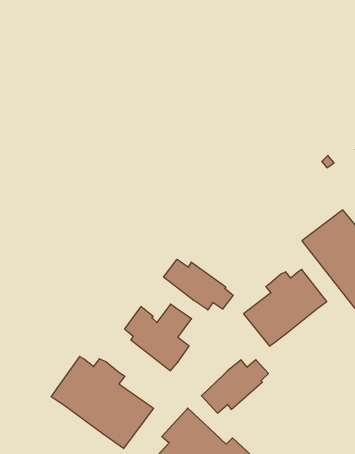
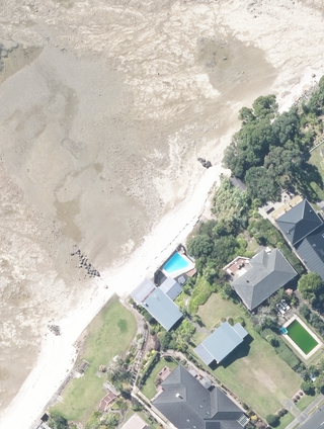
building: [164,259,233,310] -> none
building: [51,356,154,449] -> none

